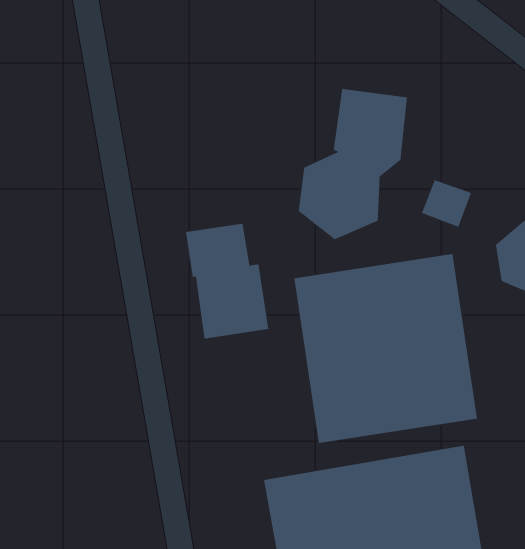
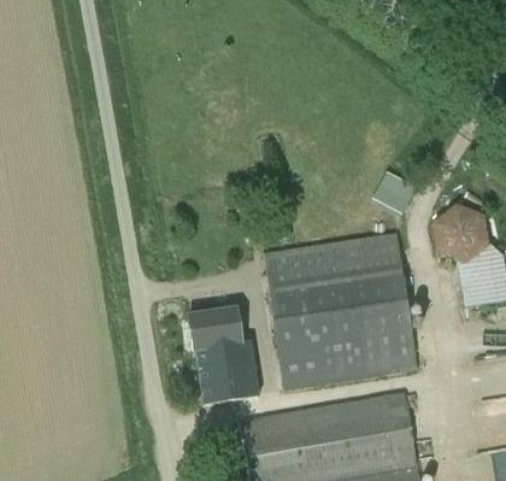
building: [298,88,408,240] -> none
building: [185,223,269,339] -> [188,309,258,405]

